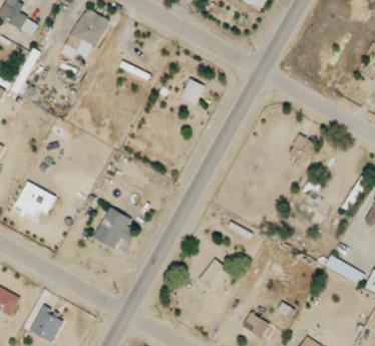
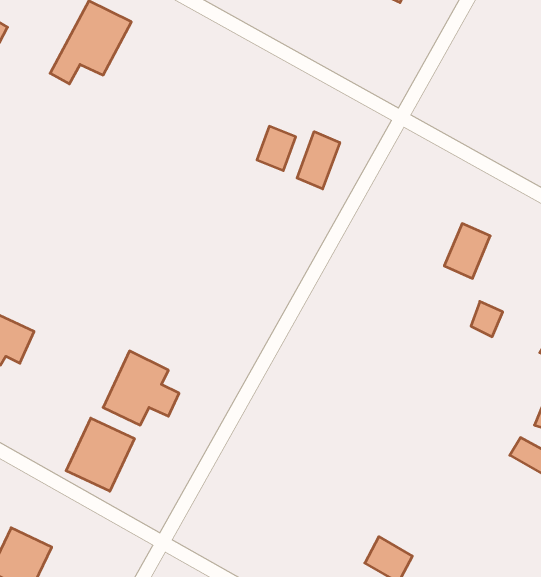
building: none -> [297,132,340,189]
building: none -> [66,418,134,491]
building: [197,259,230,294] -> none

